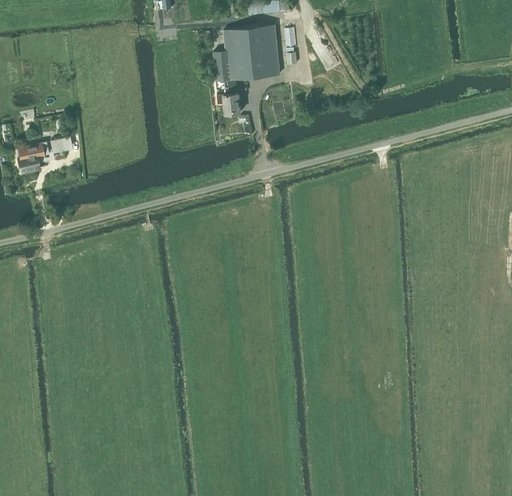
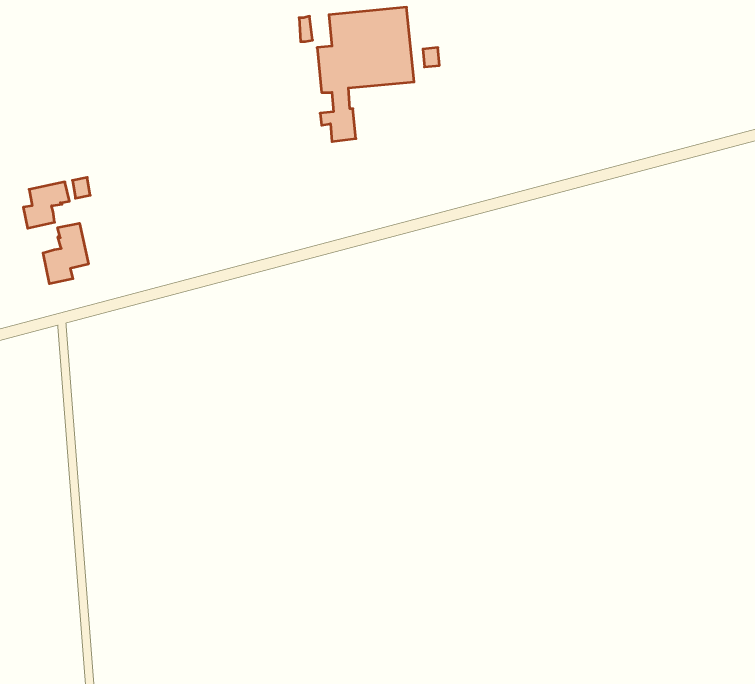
building: none -> [43,223,88,284]

